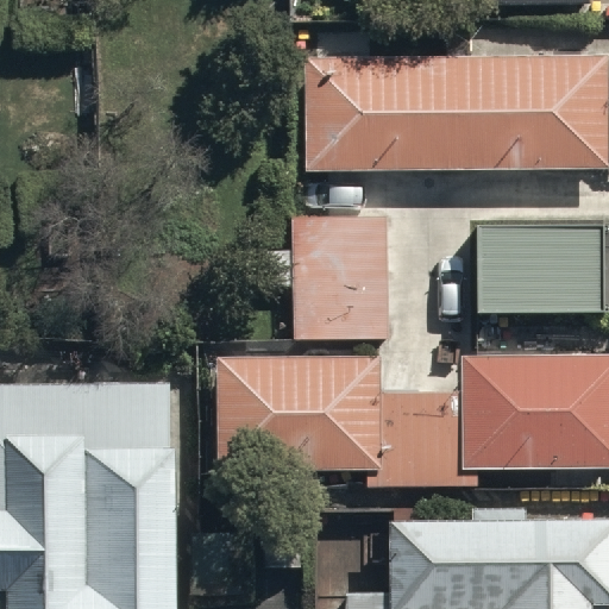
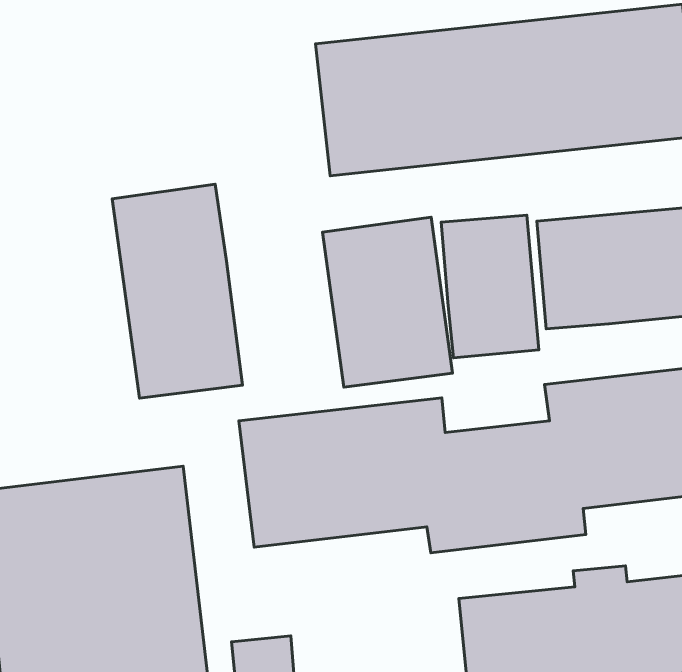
building: none -> [112,184,243,398]
building: none -> [441,215,539,358]

